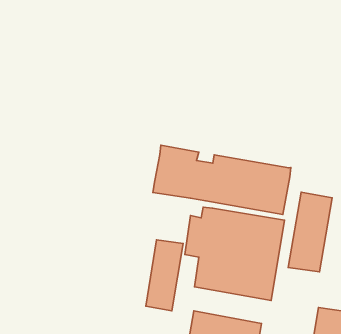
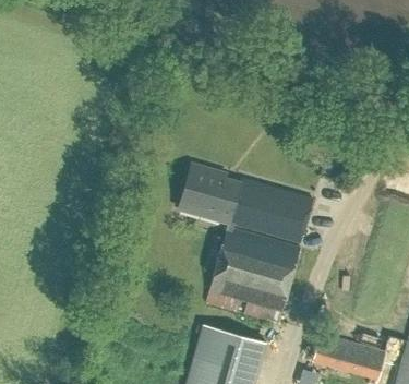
building: [288,192,332,272] -> none
building: [146,240,183,311] -> none

